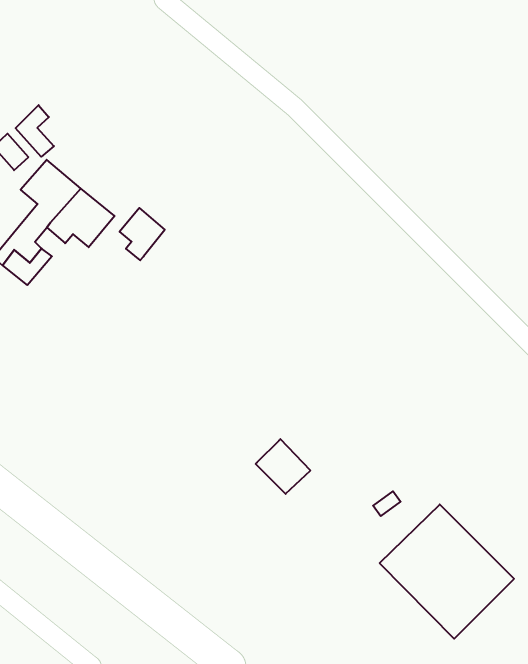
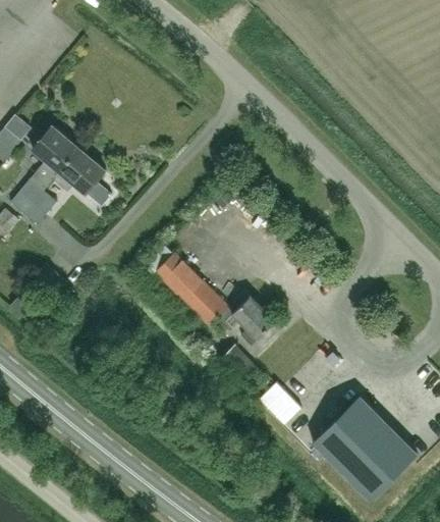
building: [16,105,54,157] -> none
building: [120,208,165,260] -> none
building: none -> [155,253,275,340]

